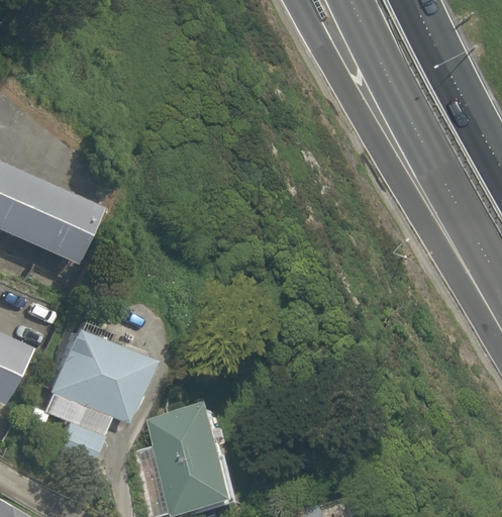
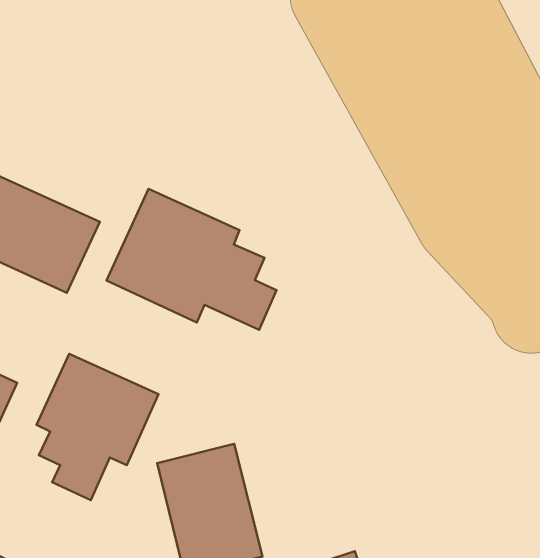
building: none -> [107,189,277,330]

